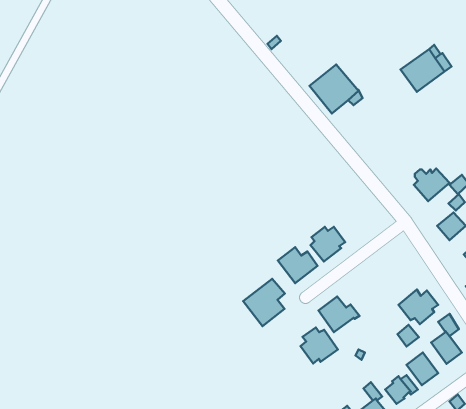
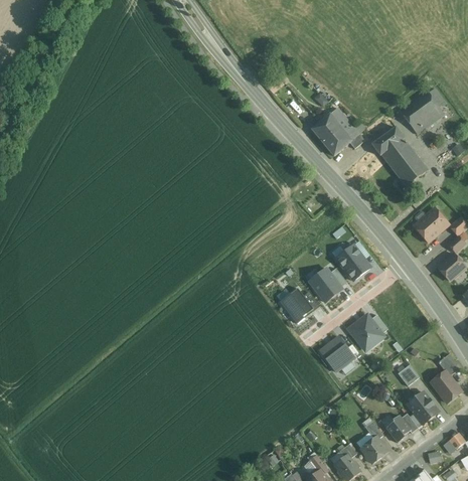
building: none -> [371,127,428,187]
building: none -> [331,240,370,281]
building: [243,279,285,326] -> none
building: [398,290,438,324] -> [348,314,387,348]
building: [301,328,338,363] -> none

